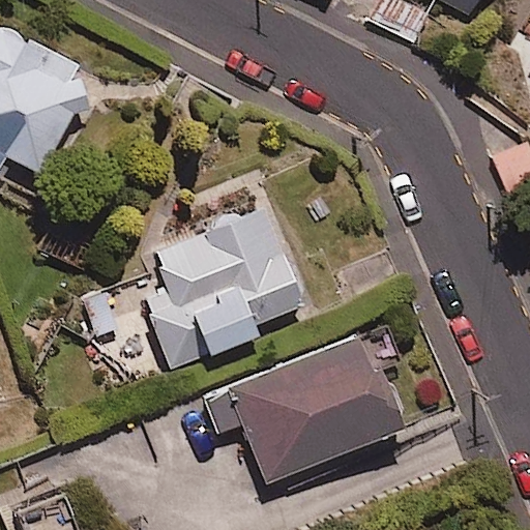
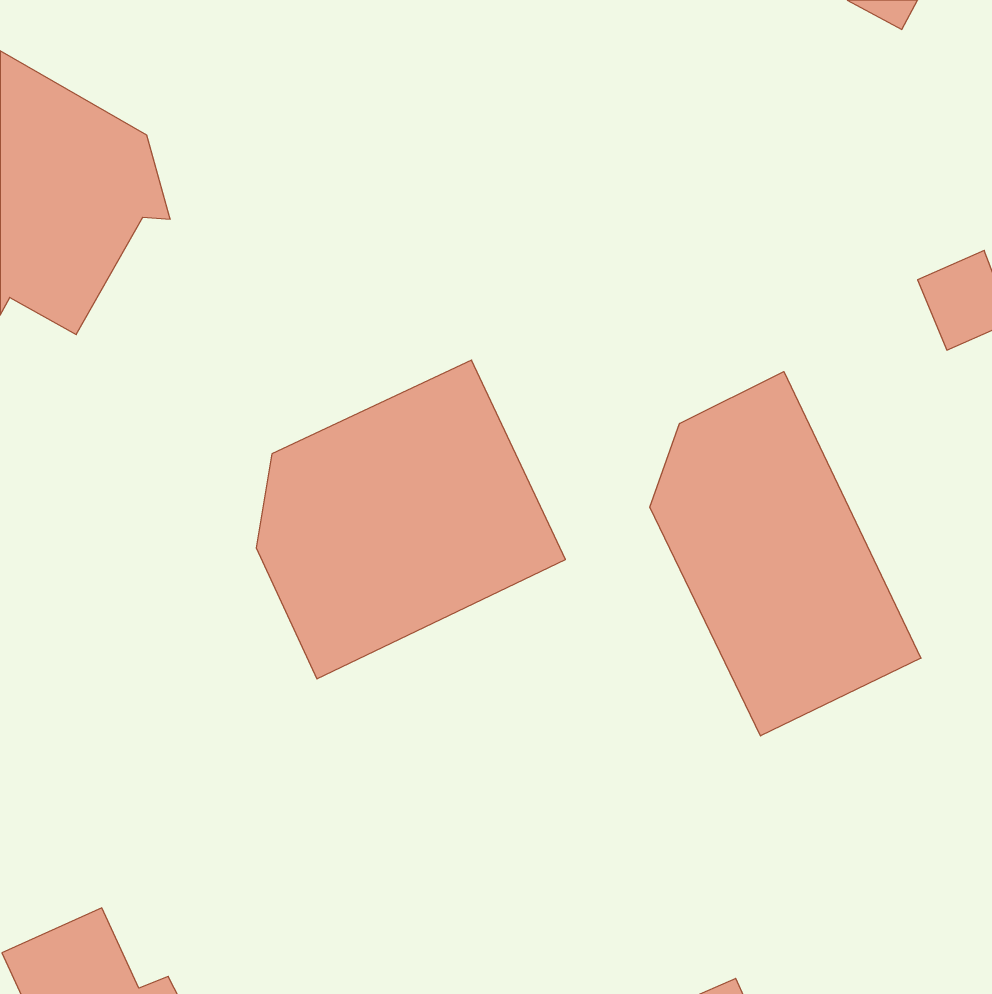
building: none -> [650,372,921,736]
building: [204,334,405,493] -> none

